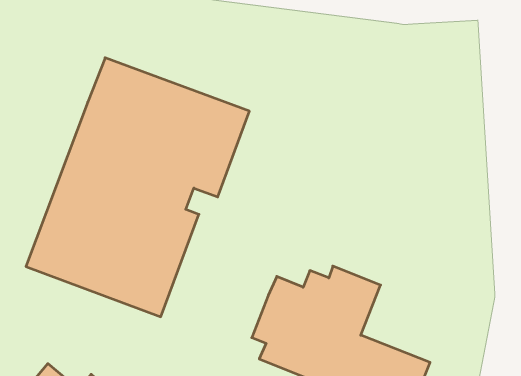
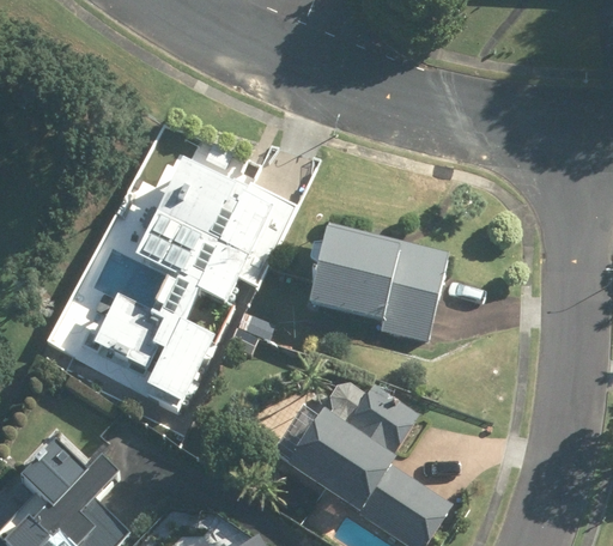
building: none -> [303,220,449,341]

